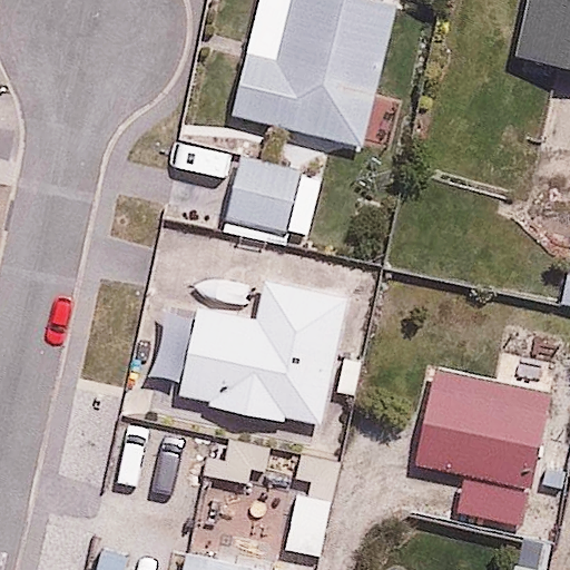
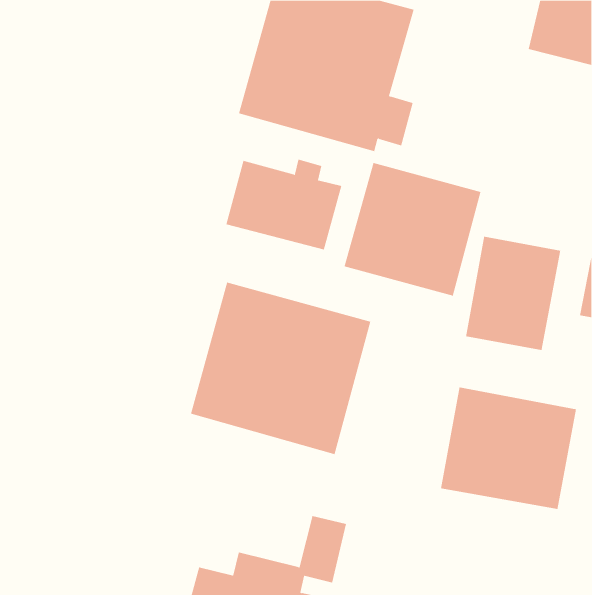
building: none -> [344,162,481,297]
building: none -> [466,236,561,351]

